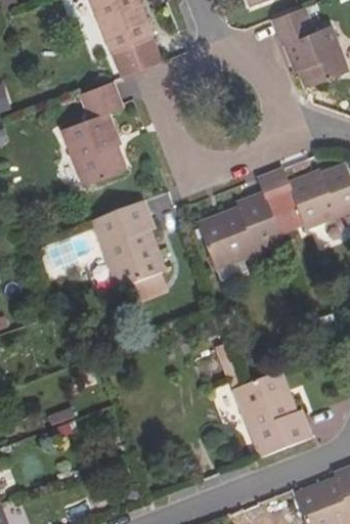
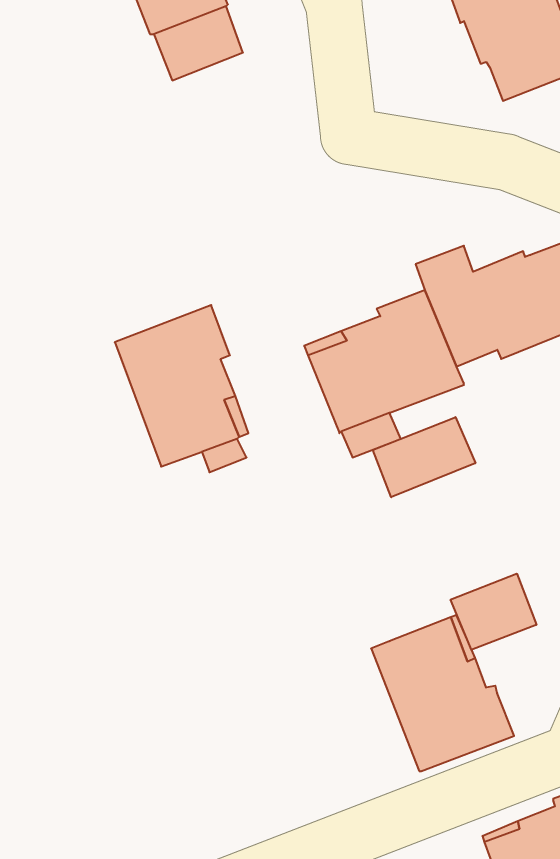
building: [61,81,127,186] -> none
building: none -> [373,417,475,497]
building: none -> [451,574,536,650]

